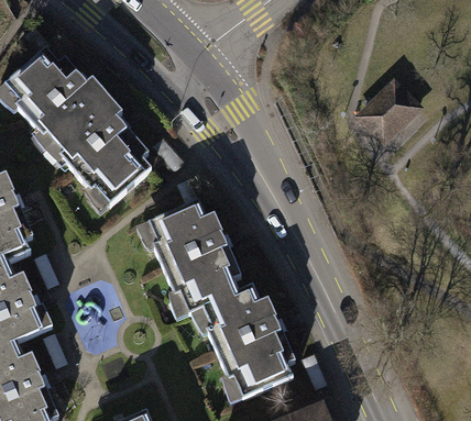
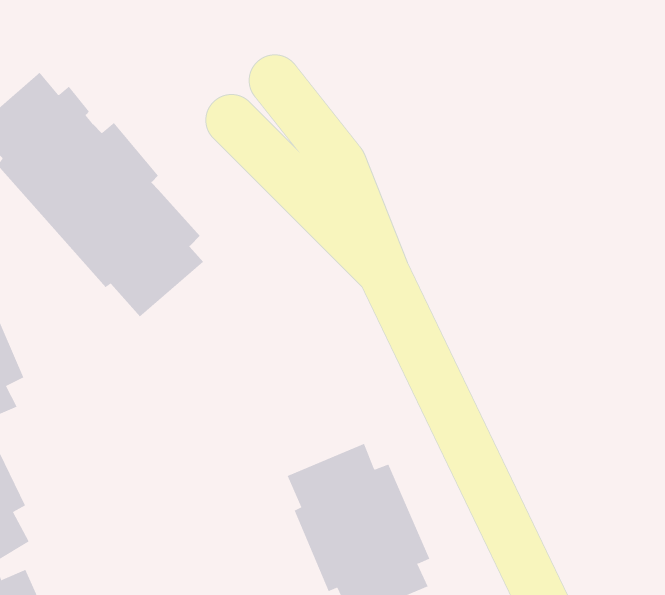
building: [360,81,418,140] -> none
building: [149,198,240,311] -> none

